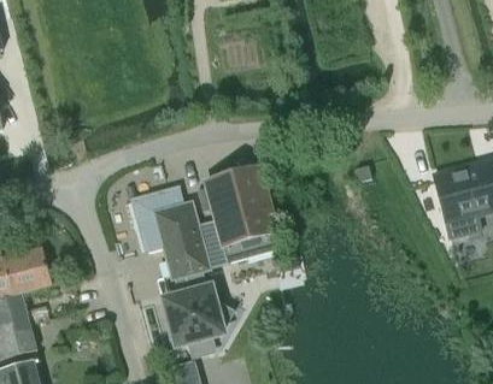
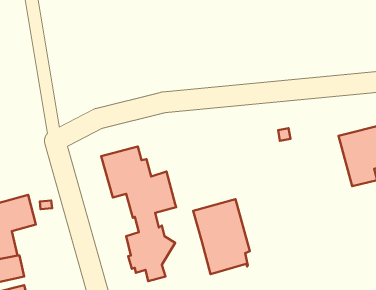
building: [203,165,274,259] -> [193,199,250,274]

